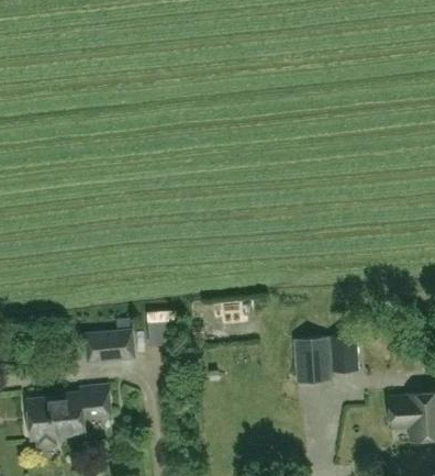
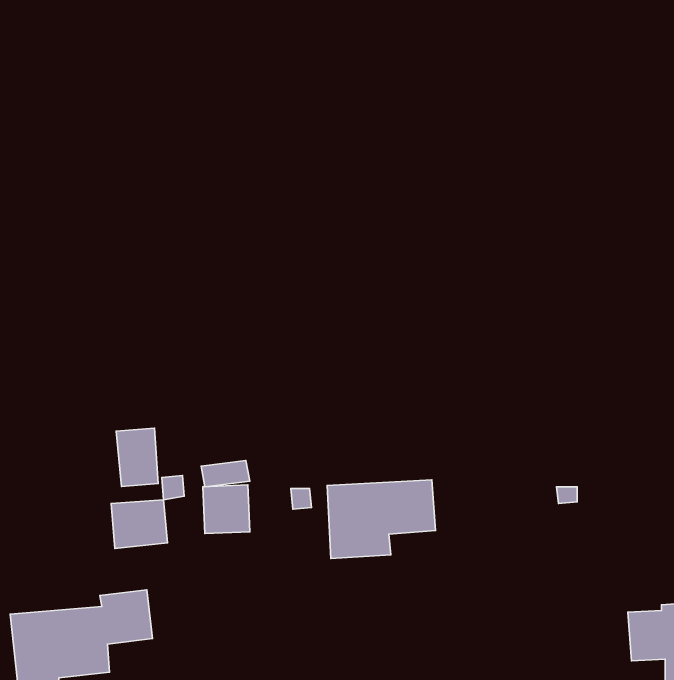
building: none -> [116,428,158,487]
building: [294,337,358,384] -> [327,480,436,558]

